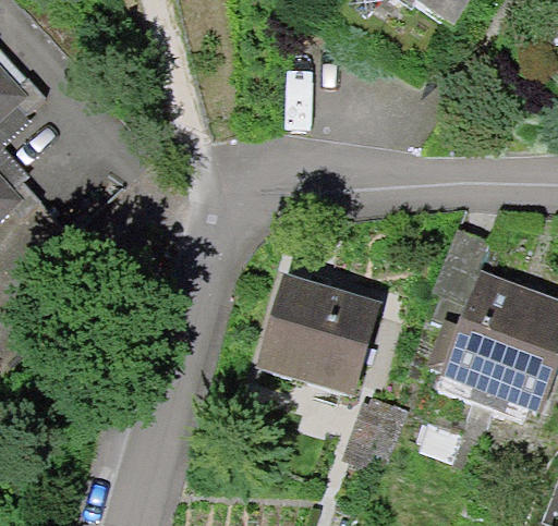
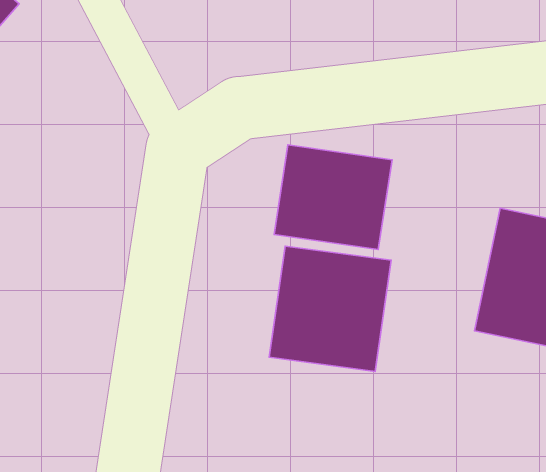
building: none -> [274,145,392,250]

